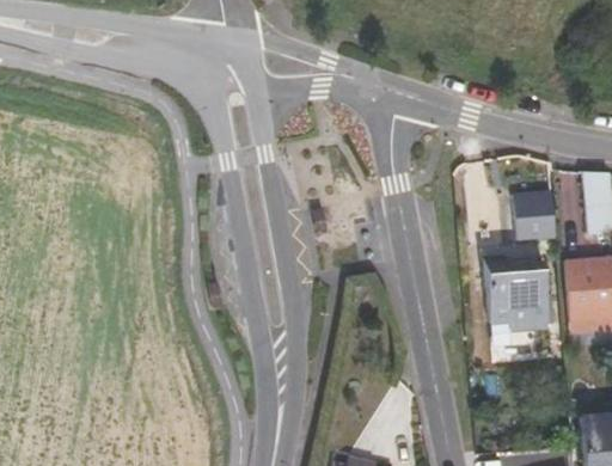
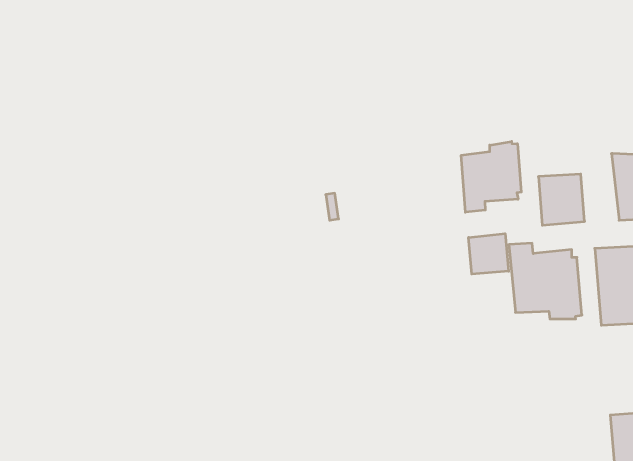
building: none -> [461,141,521,212]
building: none -> [469,234,509,274]

